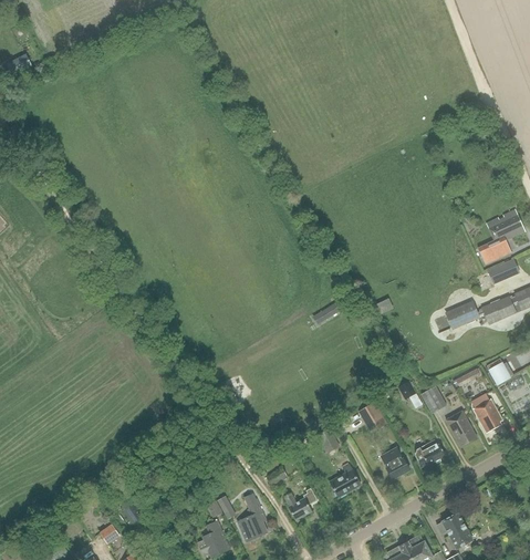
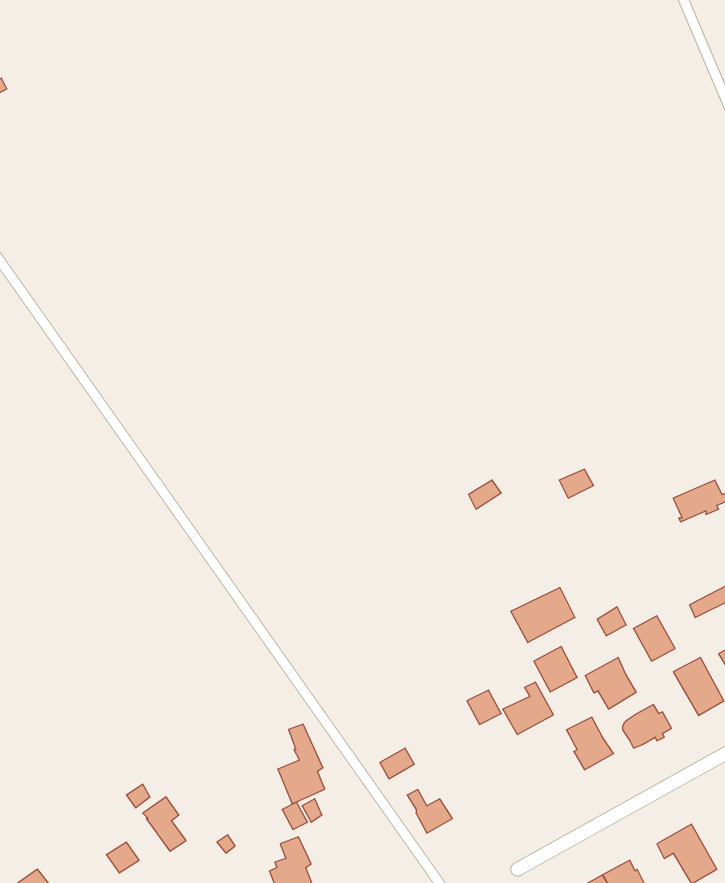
building: none -> [511,587,575,643]
building: none -> [585,657,636,709]
building: [330,465,361,497] -> [503,682,553,735]
building: [238,492,267,541] -> [278,724,325,804]

